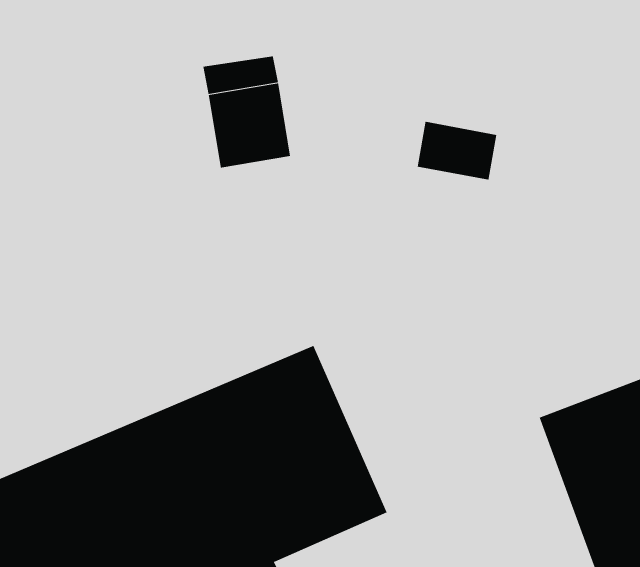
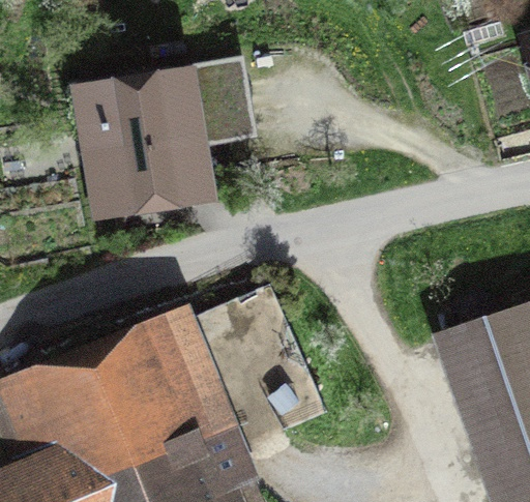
building: none -> [70,68,186,202]

